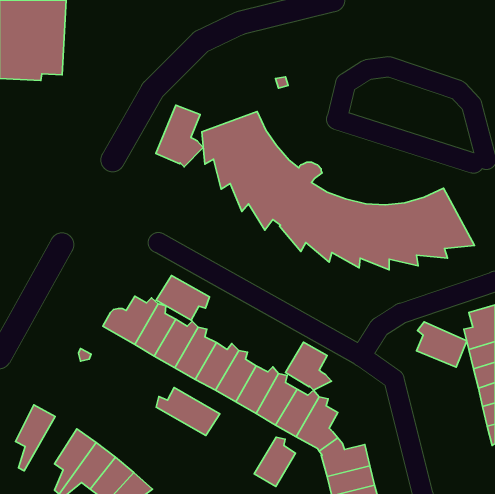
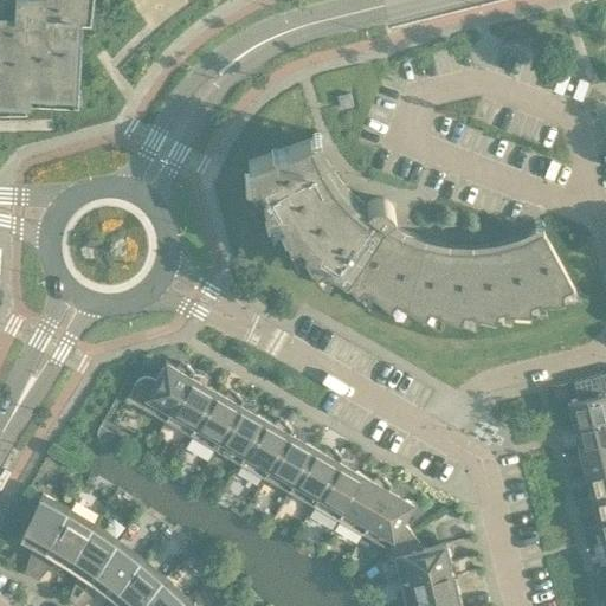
building: [156,105,203,167] -> none
building: [156,275,209,320] -> none
building: [417,322,467,367] -> none
building: [286,342,331,390] -> none
building: [156,387,220,436] -> none
building: none -> [30,510,94,581]
building: [254,437,295,486] -> none

